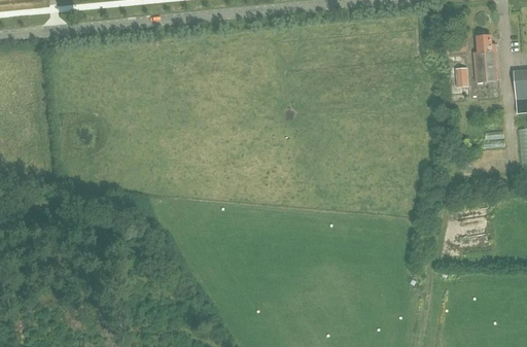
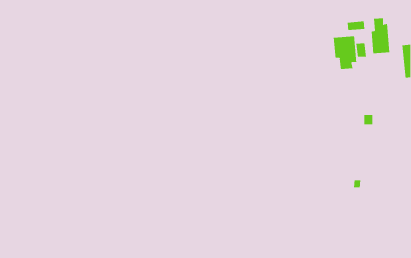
building: none -> [333,35,357,70]

